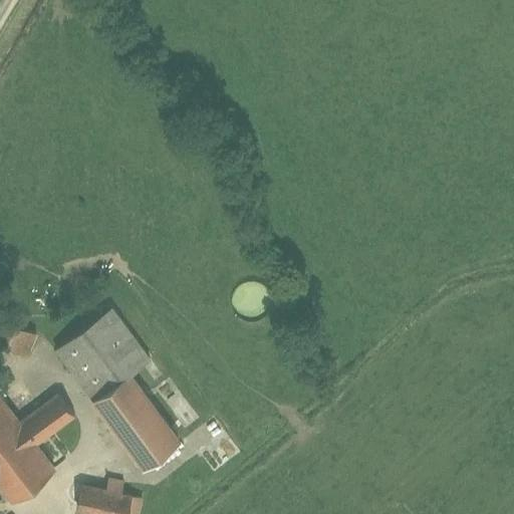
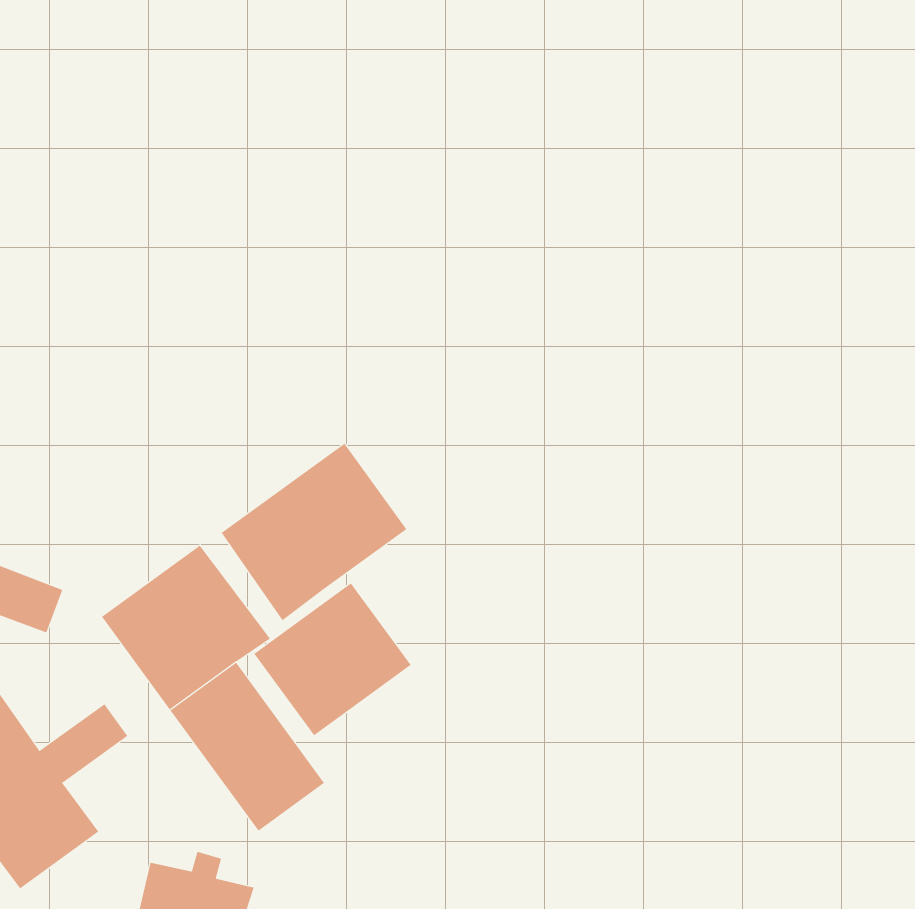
building: none -> [221,443,407,621]
building: none -> [254,582,411,736]

